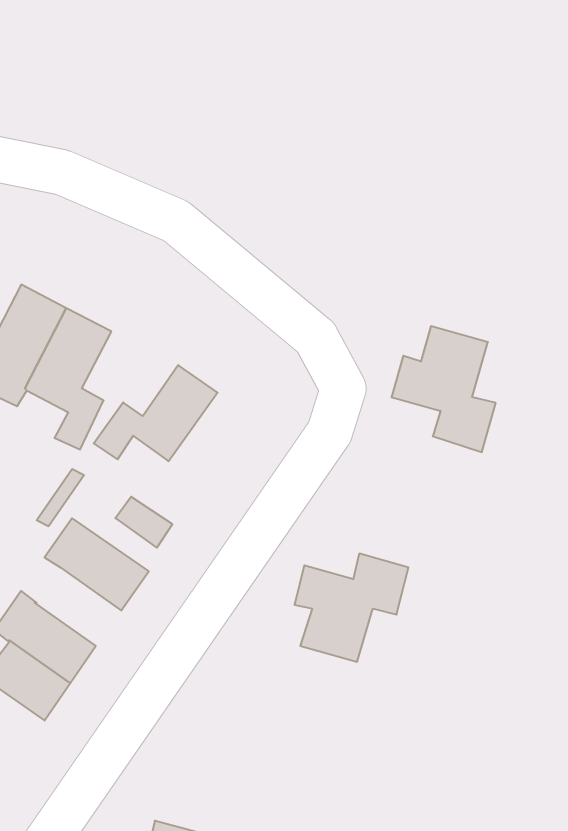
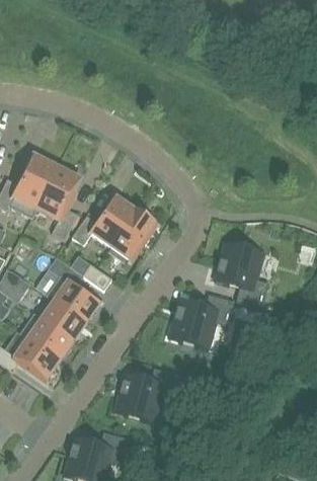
building: [391,326,496,452] -> [215,243,268,308]
building: none -> [110,210,155,258]
building: none -> [42,300,86,340]
building: none -> [114,367,180,422]

